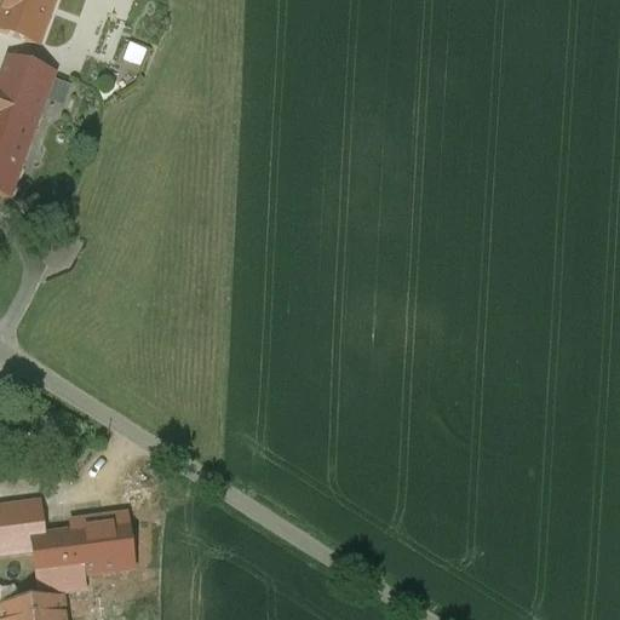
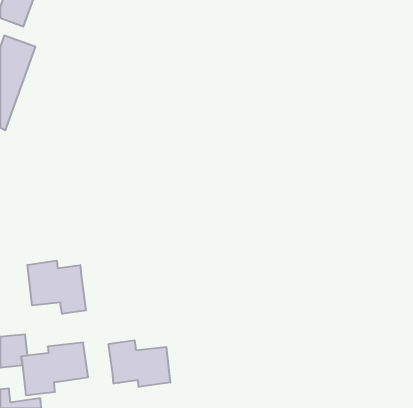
building: none -> [27,261,86,314]
building: none -> [109,340,170,387]

